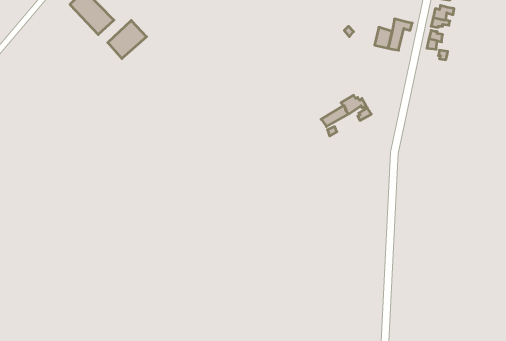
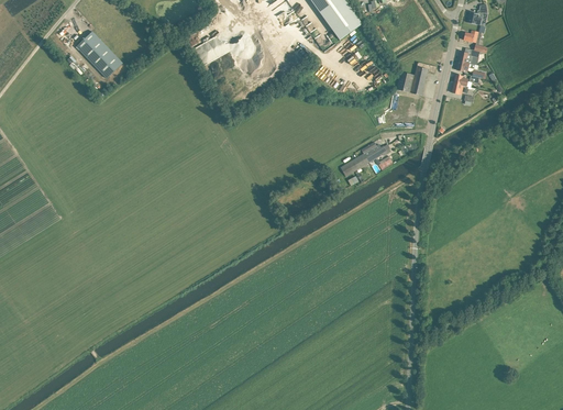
building: [108,20,147,59] -> none

